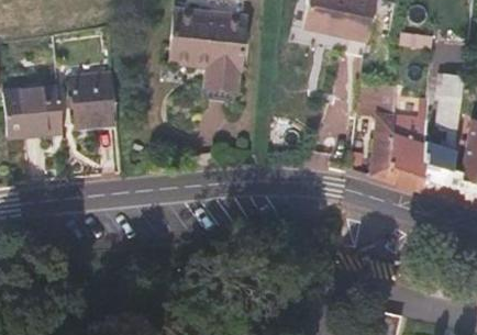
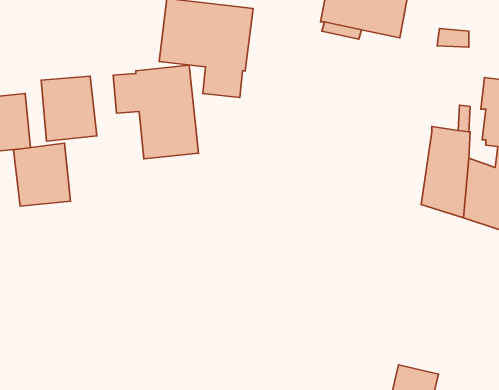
building: none -> [113,65,198,159]
building: [358,81,397,180] -> none
building: none -> [13,143,71,206]

